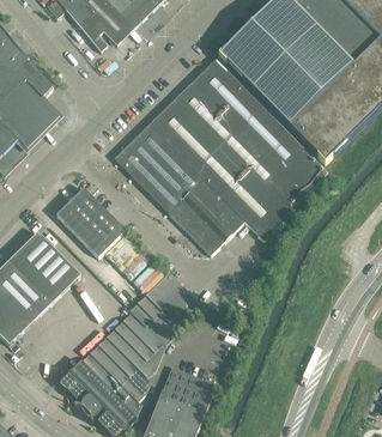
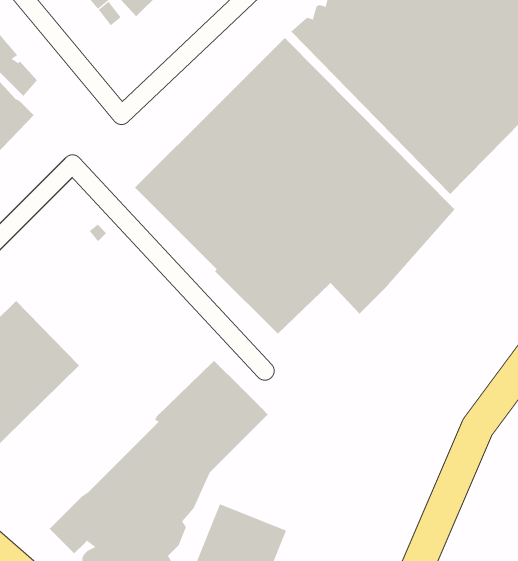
building: [55,187,125,256] -> none

